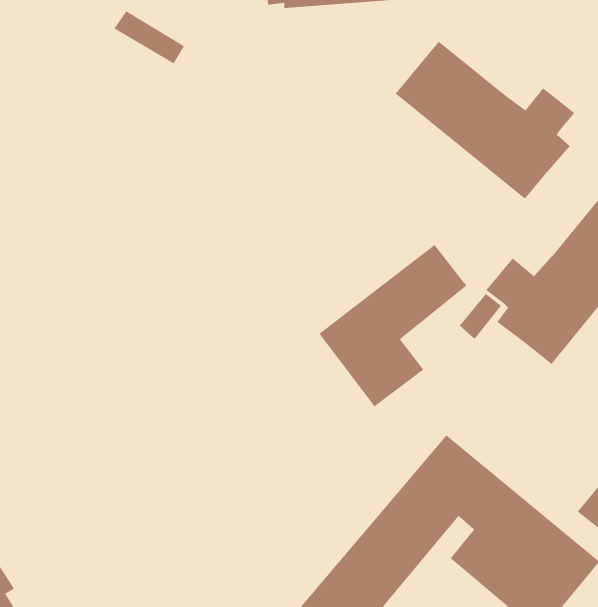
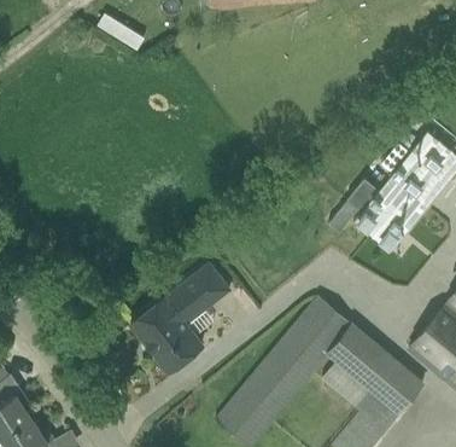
building: [395,41,575,200] -> none
building: [319,244,467,407] -> [131,263,232,373]

